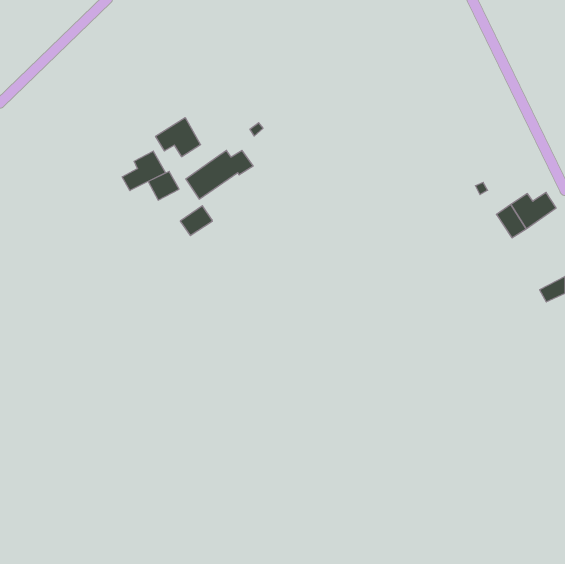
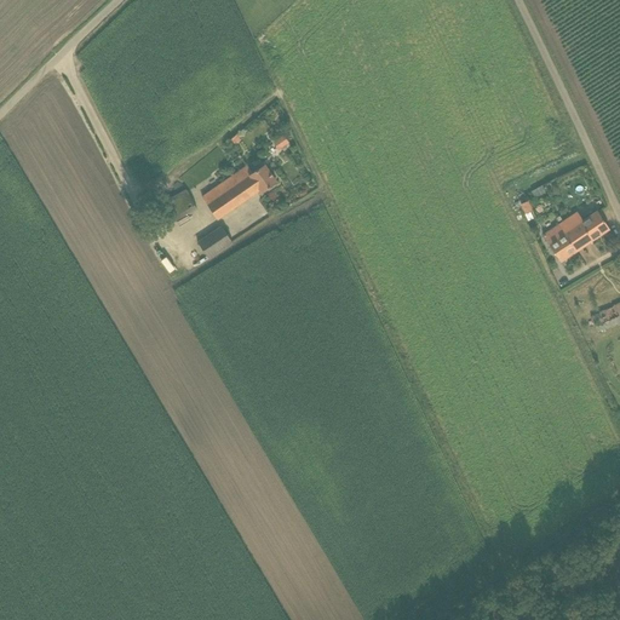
building: [156,118,201,157] -> none
building: [122,151,165,191] -> none

